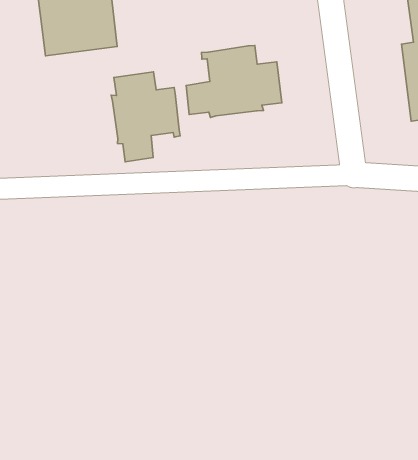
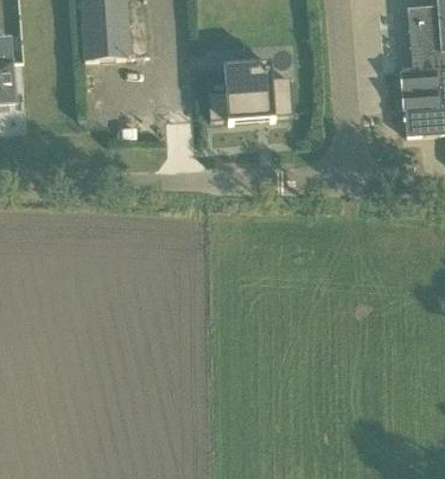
building: [111,72,180,162] -> none

